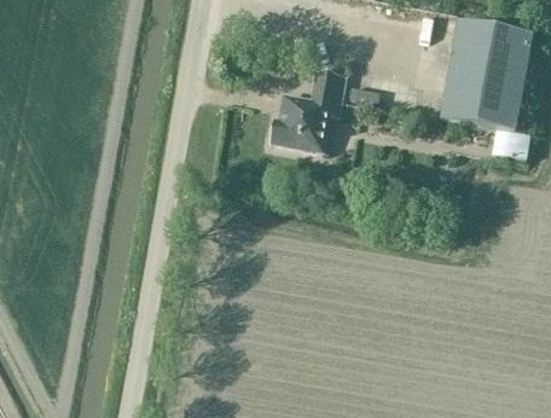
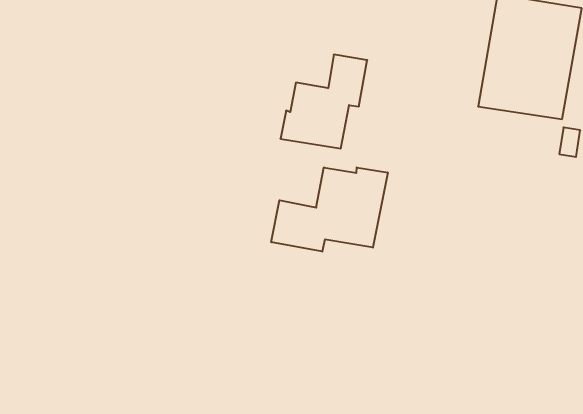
building: none -> [271,167,388,252]

